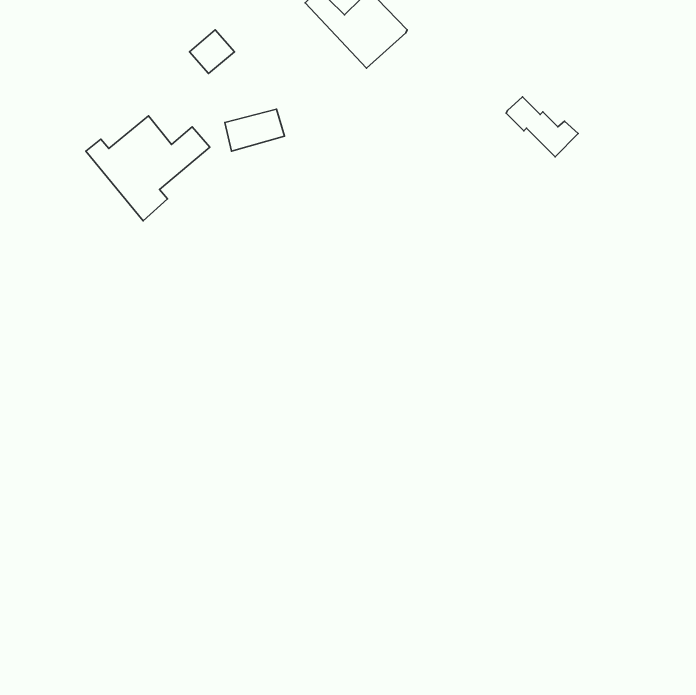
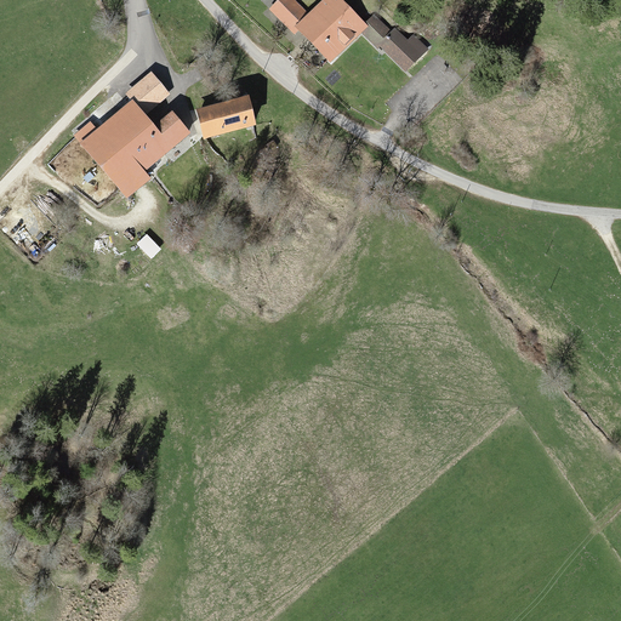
building: [189,30,234,73] -> [127,73,167,112]
building: [506,97,578,157] -> [361,15,426,68]

